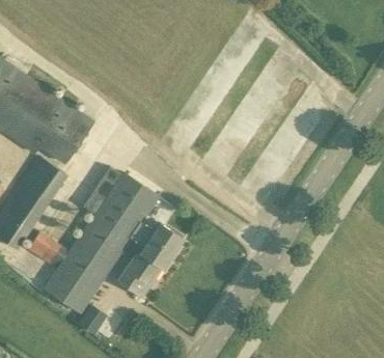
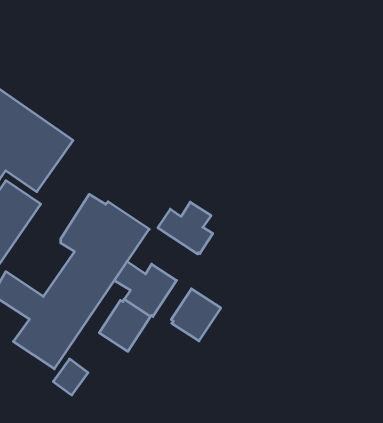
building: none -> [158,202,213,254]
building: none -> [171,289,221,341]

